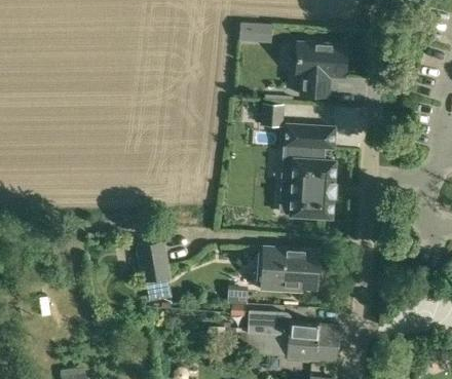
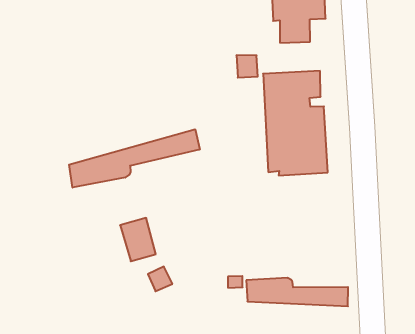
building: none -> [69,129,200,188]
building: [260,248,318,291] -> none
building: [240,329,338,362] -> none

